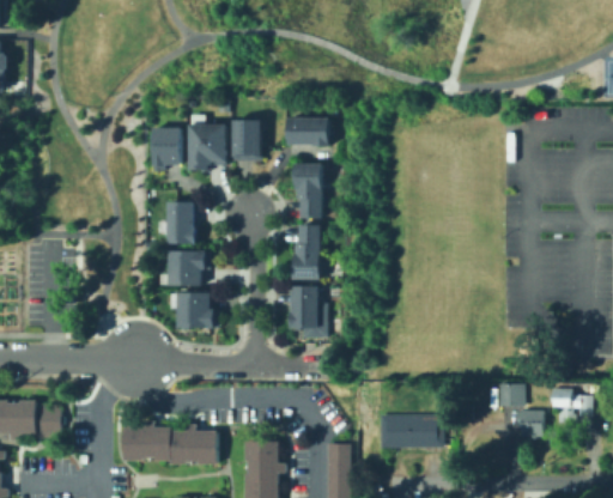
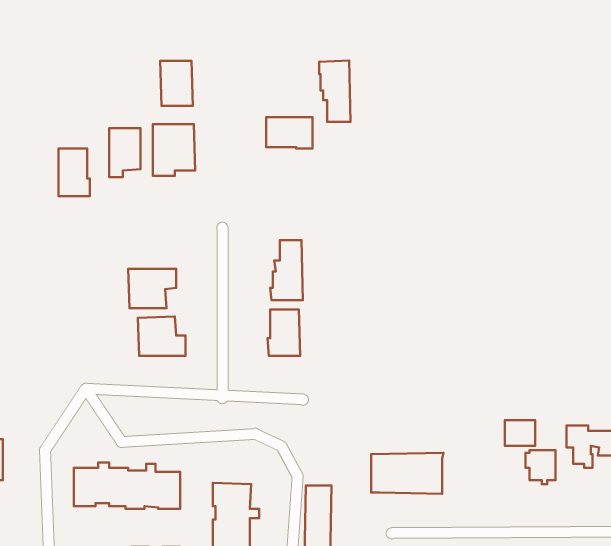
building: [233,122,262,162] -> [160,61,193,106]
building: [296,165,323,219] -> [319,61,351,122]
building: [169,204,196,245] -> [58,149,90,196]

